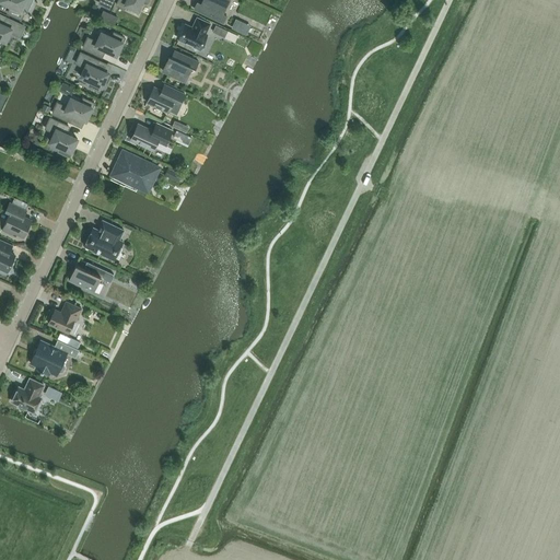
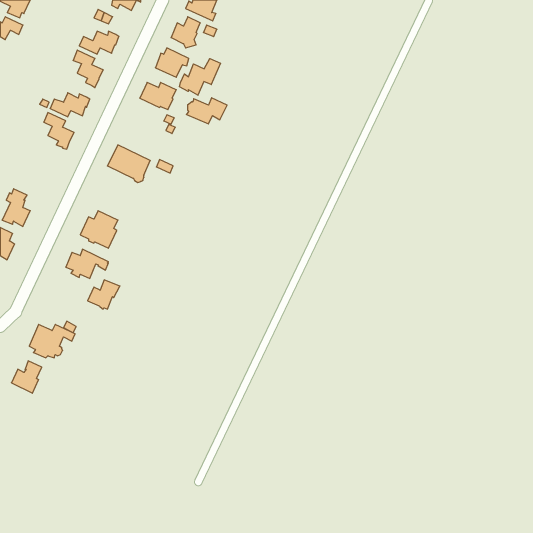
building: none -> [179,59,220,95]
building: [130,122,173,150] -> [186,98,227,124]
building: [48,302,82,332] -> [88,280,120,309]

